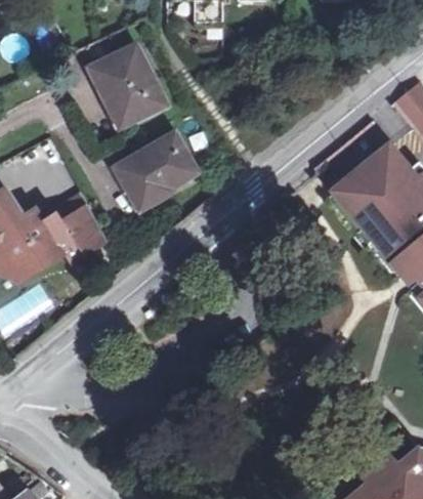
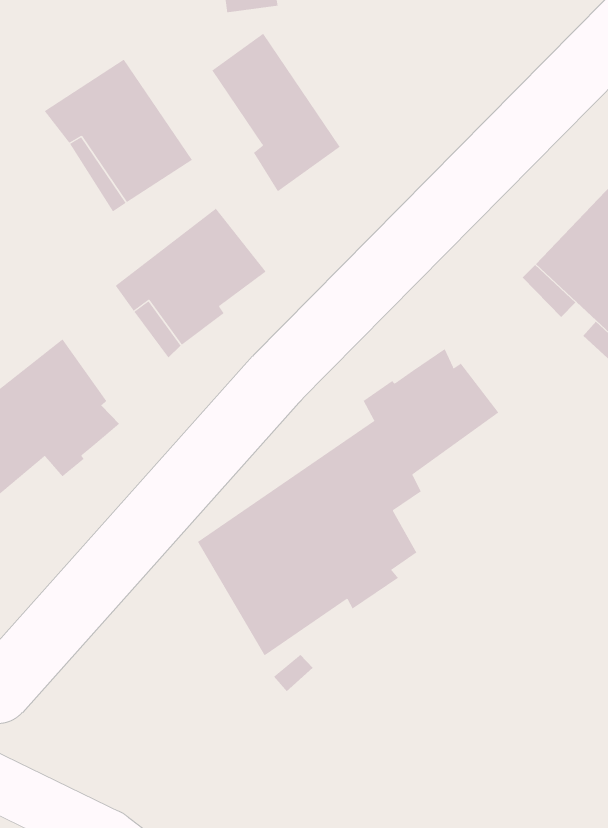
building: none -> [211,33,341,192]
building: none -> [197,348,499,656]

